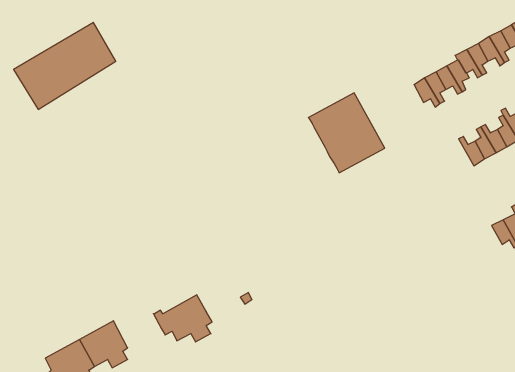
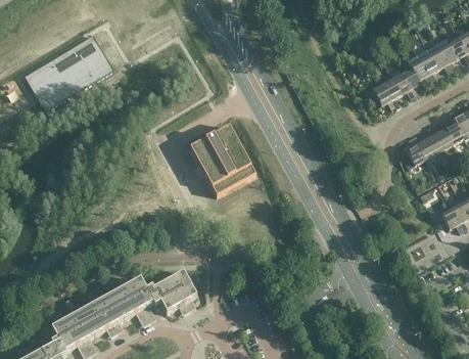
building: [308,93,385,173] -> [190,125,256,194]
building: none -> [400,135,425,167]
building: none -> [111,277,156,324]

